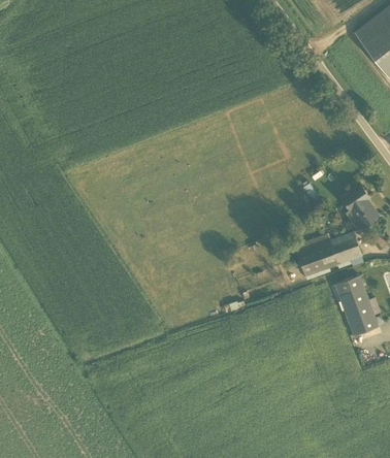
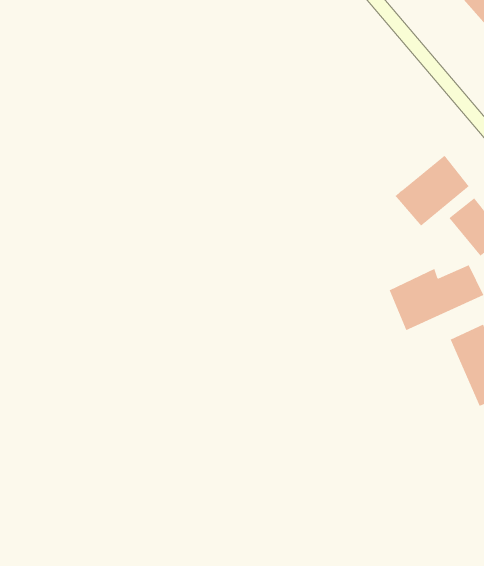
building: none -> [394,155,470,226]

